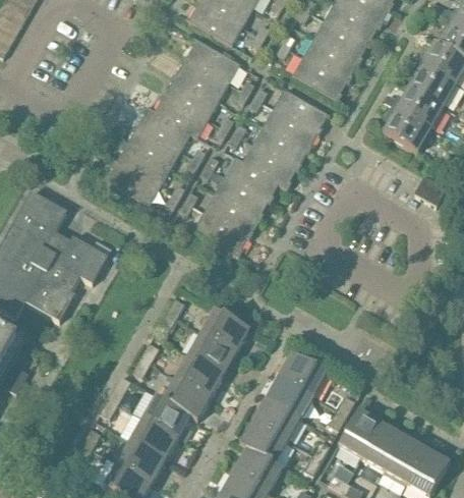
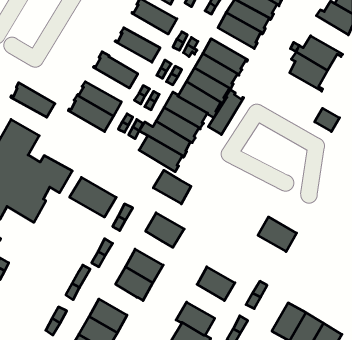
building: [173,55,229,99] -> none
building: [404,56,457,107] -> none
building: [154,91,209,136] -> none
building: [124,123,180,167] -> [11,83,55,117]
building: none -> [208,90,244,135]
building: none -> [70,177,116,217]
building: [187,331,235,374] -> [153,170,191,204]
building: [278,352,327,396] -> [258,217,297,252]
building: [141,393,189,437] -> none
building: [252,398,300,441] -> none
building: [339,408,381,457] -> none

